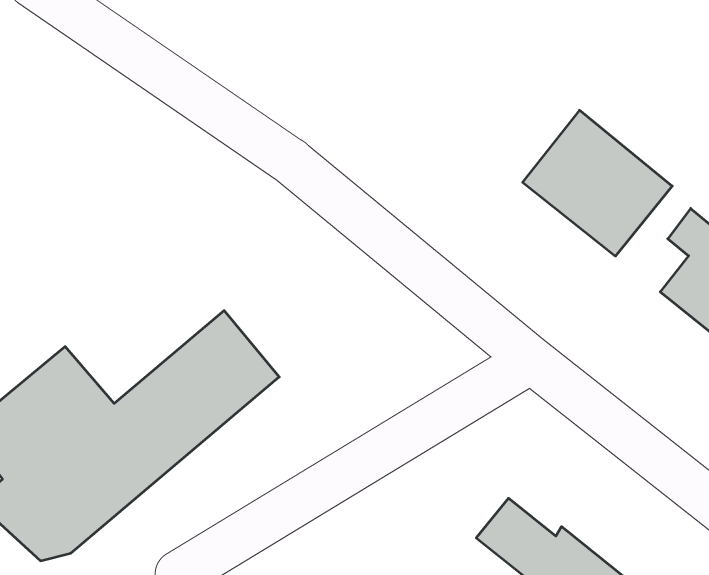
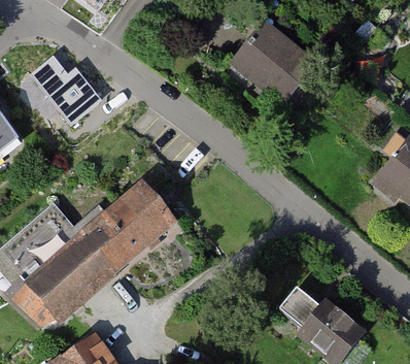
building: none -> [33,58,100,122]
building: [523,110,672,256] -> [233,22,314,101]

